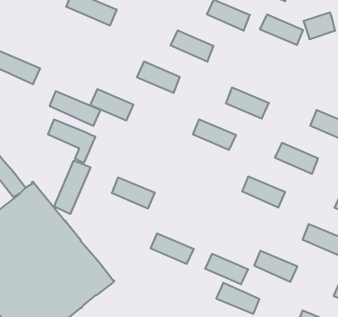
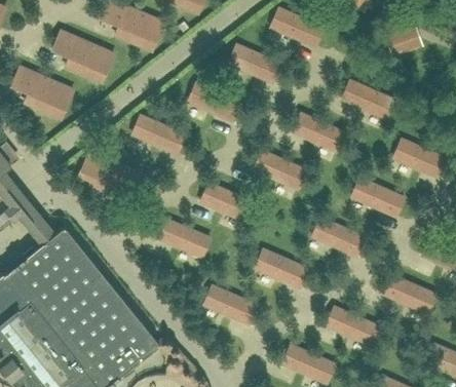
building: [260,15,303,45] -> [341,81,392,117]
building: [50,91,100,126] -> [52,32,113,73]
building: none -> [199,185,251,222]
building: [54,161,90,214] -> none
building: [205,254,248,284] -> [255,250,306,286]

